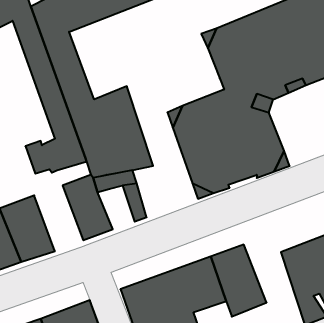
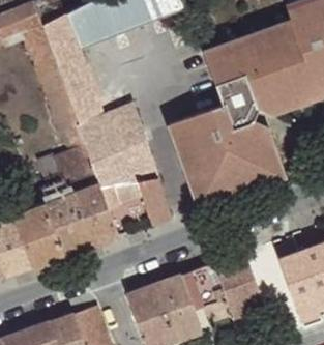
building: none -> [138,177,172,226]
building: none -> [45,196,91,258]

